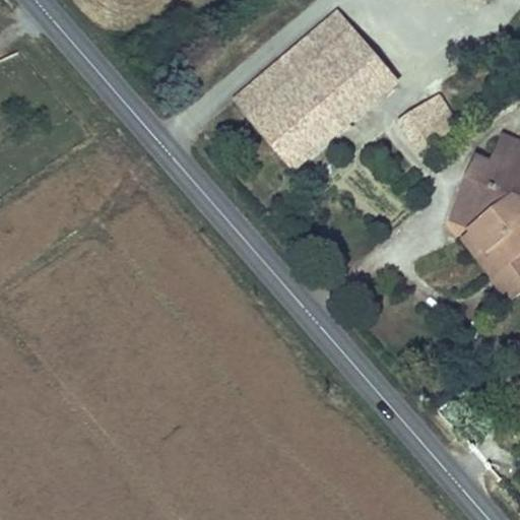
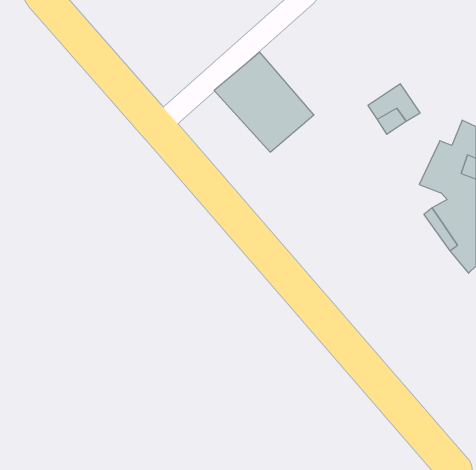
building: [283,10,396,125] -> none

